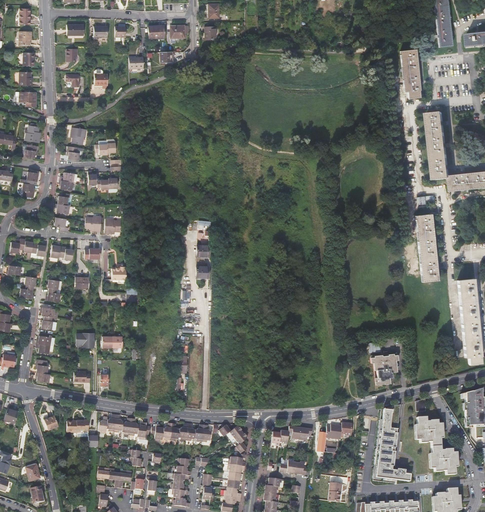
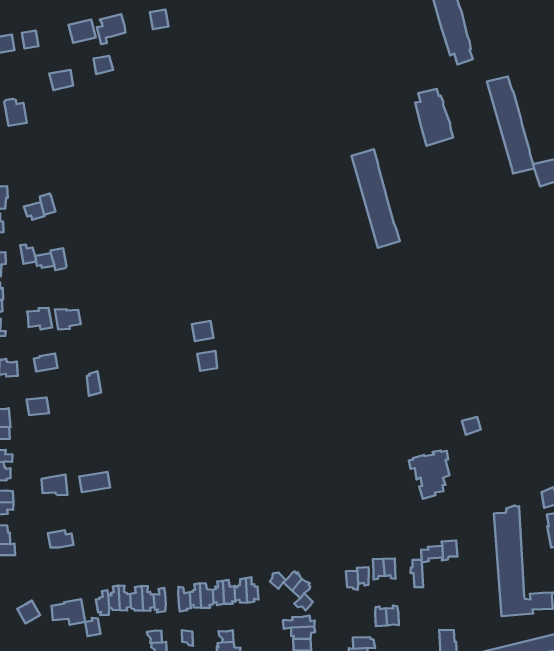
building: none -> [415,89,453,146]
building: [414,213,437,281] -> [352,149,400,248]
building: [370,353,397,384] -> [409,450,450,499]

